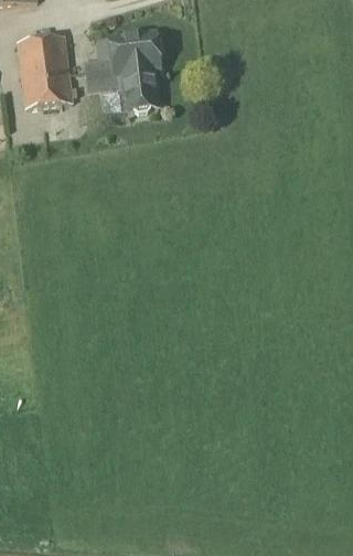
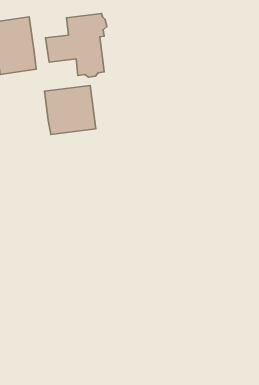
building: none -> [44,85,96,134]

